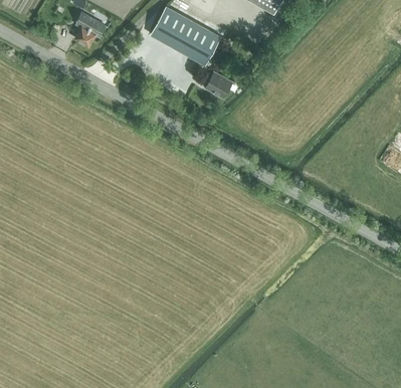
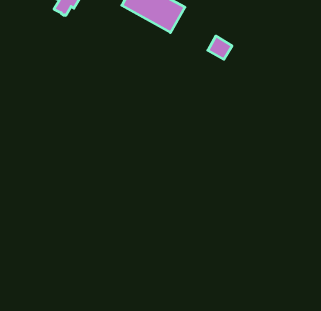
building: [205,71,232,98] -> [208,36,232,59]

